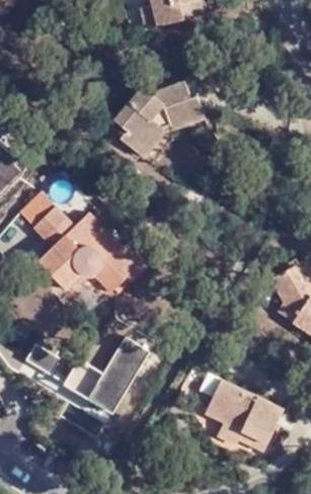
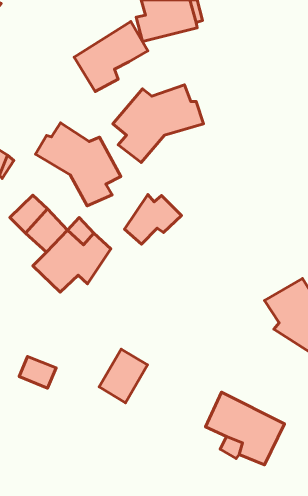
building: none -> [74,22,148,92]
building: none -> [36,123,121,206]
building: [92,241,147,289] -> [125,195,181,244]
building: [65,362,128,414] -> none

